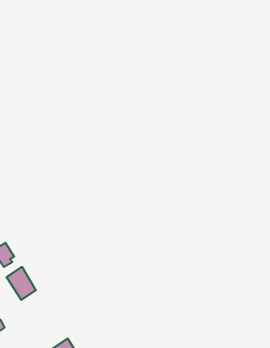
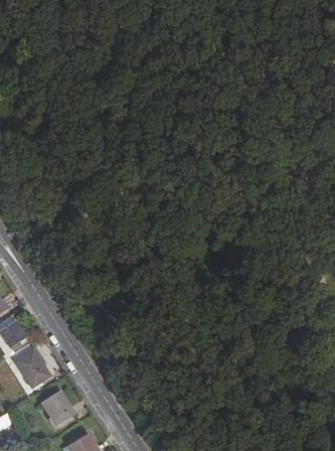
building: none -> [41,391,73,425]

